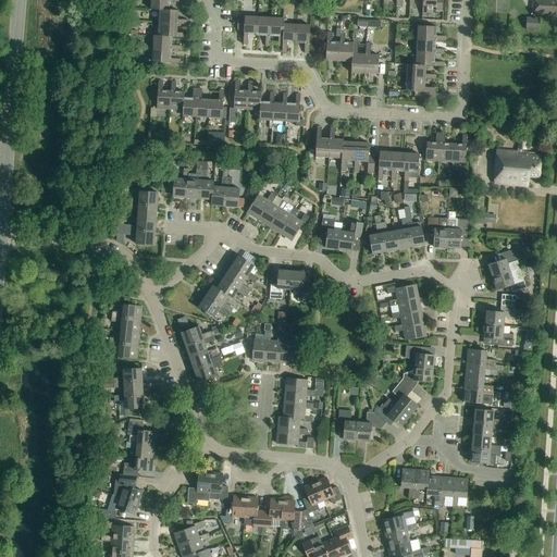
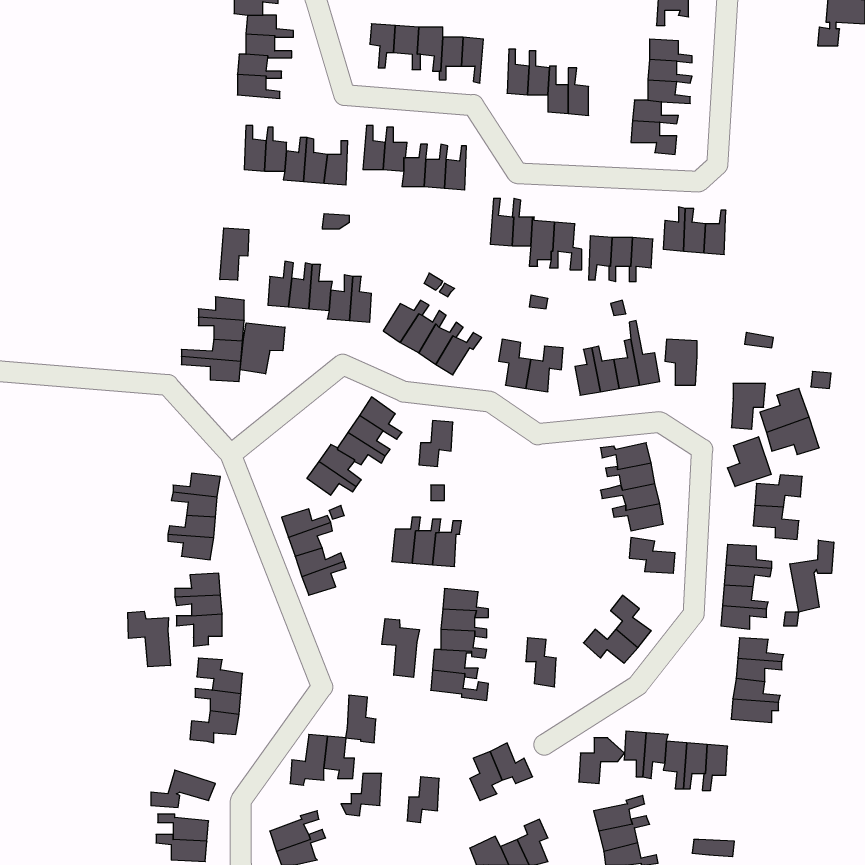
building: [493,139,540,186] -> none
building: none -> [220,228,249,280]
building: none -> [240,323,285,374]
building: [446,219,468,248] -> [731,383,765,429]
building: [289,271,310,301] -> none
building: none -> [727,437,771,487]
building: none -> [790,540,834,612]
building: [399,367,432,391] -> none
building: none -> [128,611,170,667]
building: none -> [382,619,419,677]
building: [356,412,385,442] -> [579,738,625,784]
building: [112,474,141,503] -> none
building: [243,496,262,527] -> [345,695,376,743]
building: [281,499,307,530] -> none

